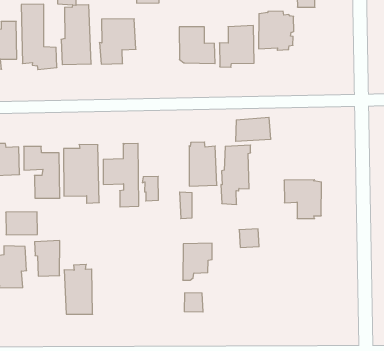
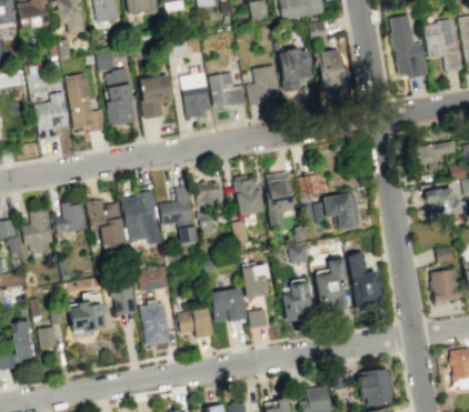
building: none -> [316,48,346,89]
building: none -> [180,72,210,118]
building: [236,117,271,141] -> [297,171,330,197]
building: none -> [196,180,222,208]
building: [6,212,37,235] -> [138,267,169,291]
building: none -> [347,252,382,308]
building: none -> [315,258,347,309]
building: none -> [210,288,246,322]
building: none -> [282,282,311,322]
building: none -> [177,308,212,338]

